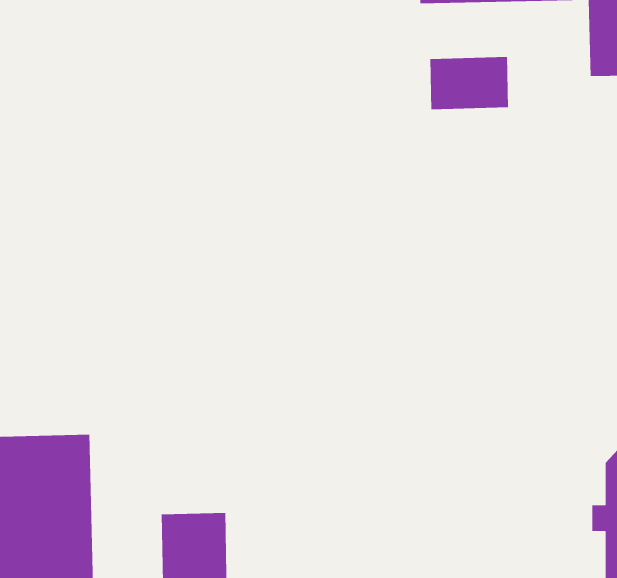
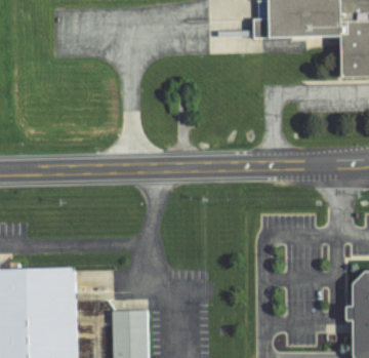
building: [430,56,508,110] -> none

